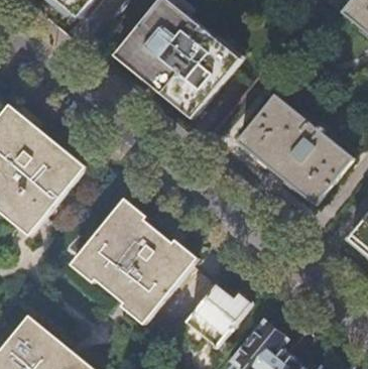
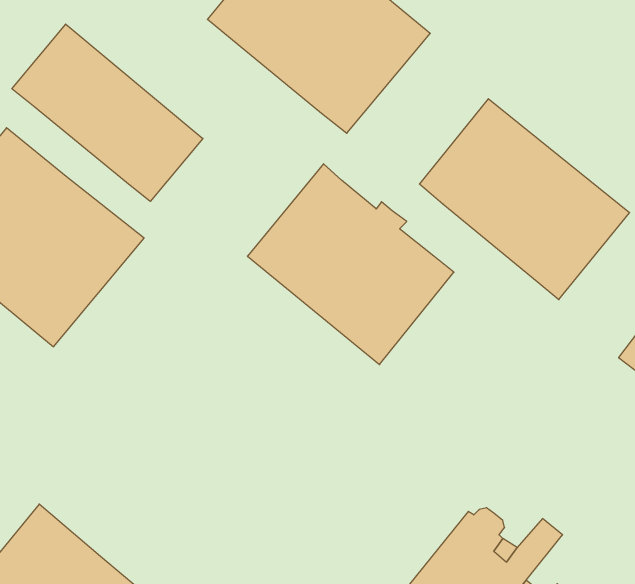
building: none -> [12,24,203,201]
building: [75,206,190,318] -> [247,164,454,365]
building: [177,284,251,349] -> none

